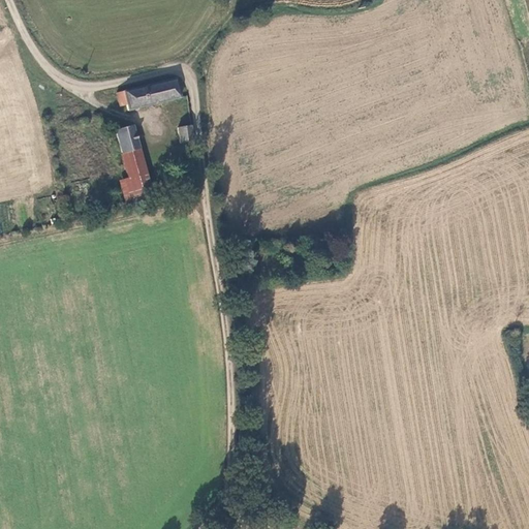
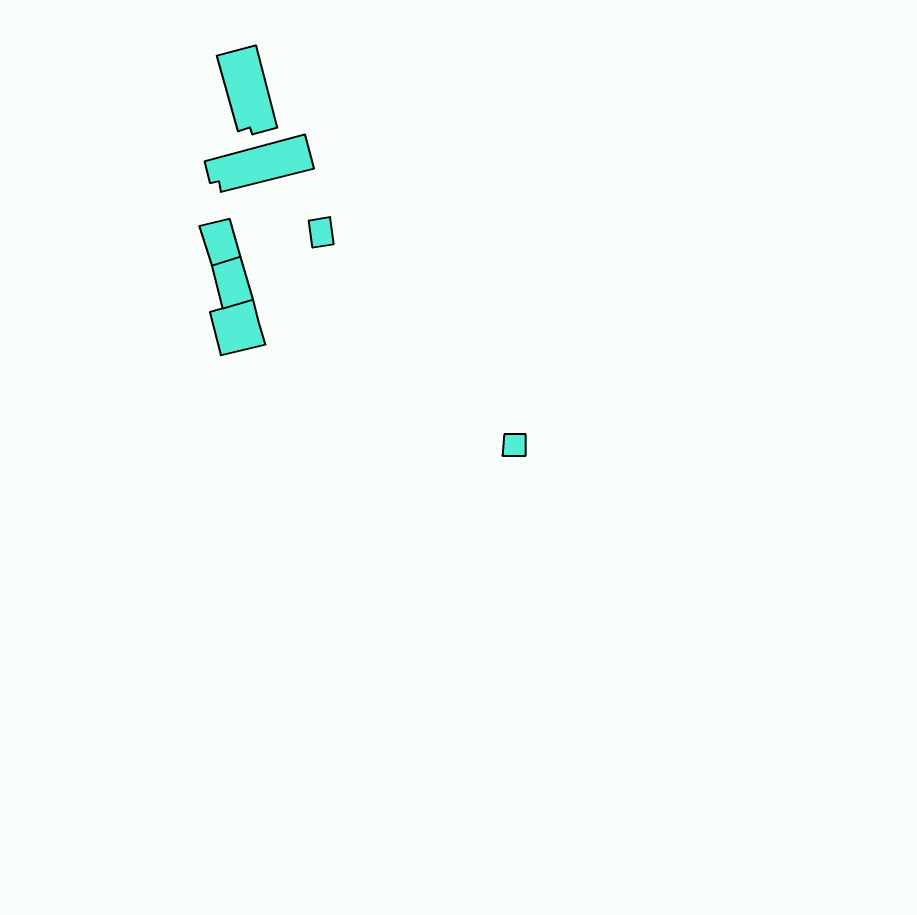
building: none -> [217,45,277,135]

